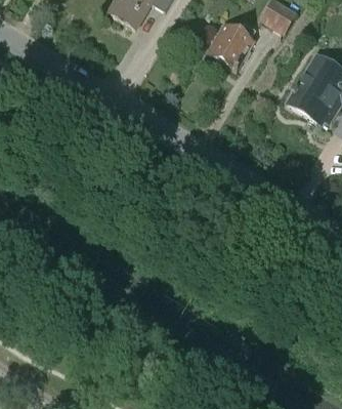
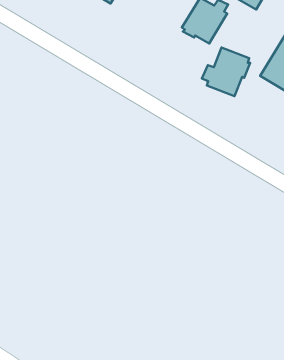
building: none -> [202,48,250,96]

